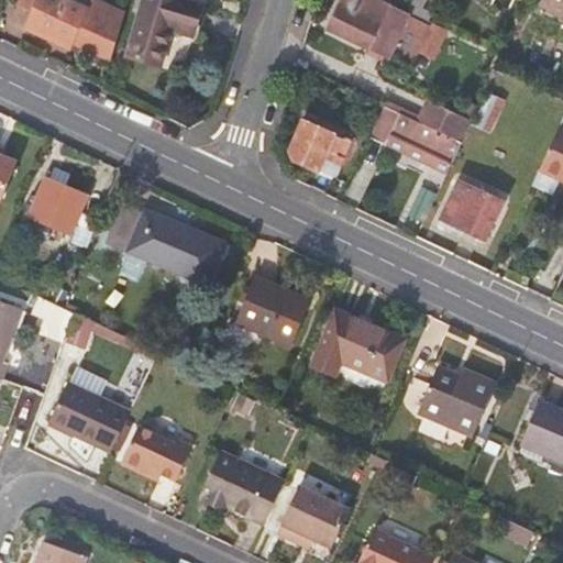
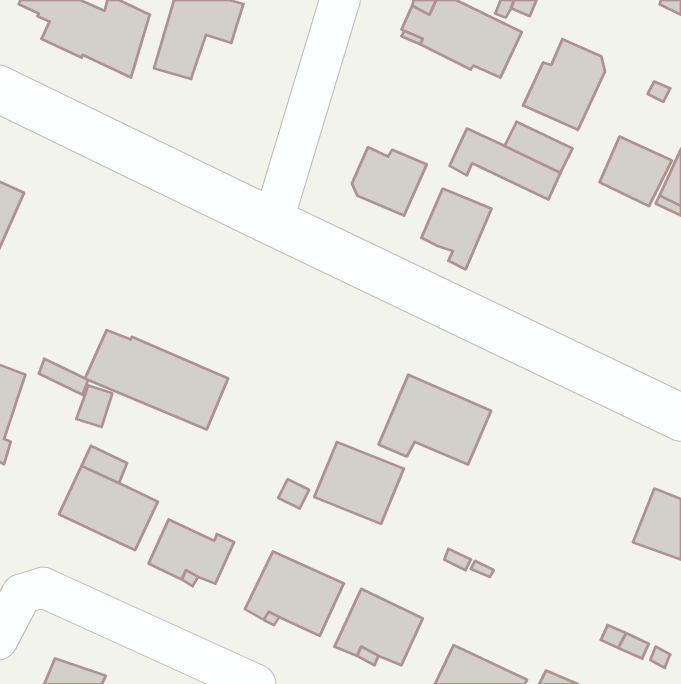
building: none -> [523,39,605,130]
building: none -> [421,189,491,269]
building: [27,177,85,234] -> none
building: [441,181,500,239] -> [600,137,672,206]
building: [106,203,223,285] -> [85,330,228,429]
building: [235,277,309,344] -> [314,442,404,524]
building: [418,366,493,434] -> none

